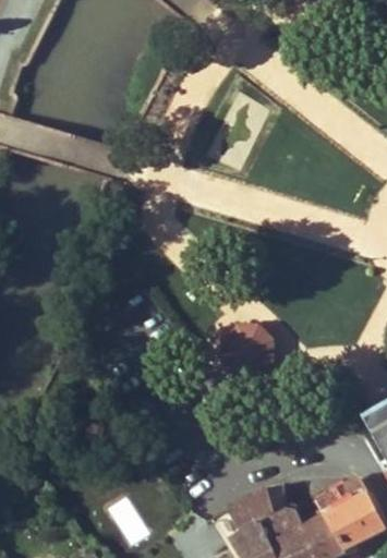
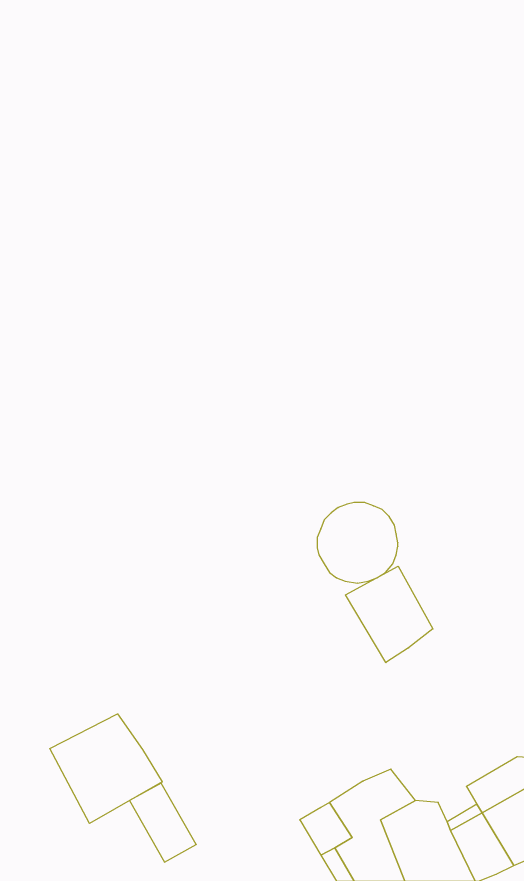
building: none -> [345,566,433,663]
building: none -> [50,714,162,823]

